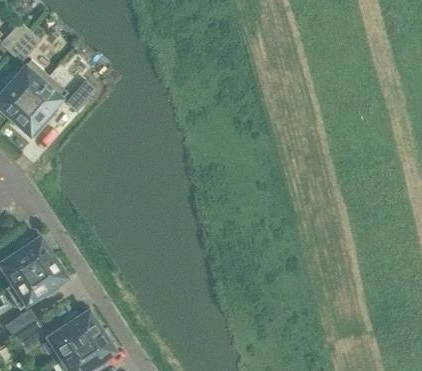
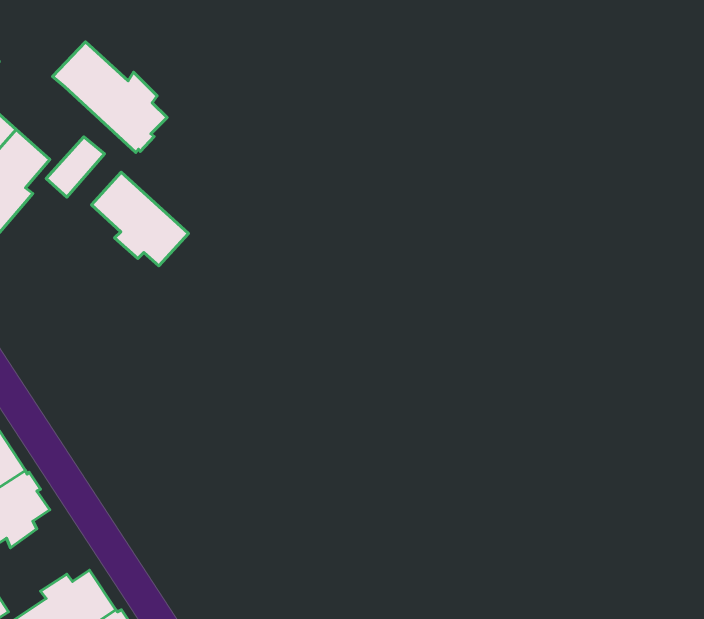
building: none -> [52,42,167,153]
building: none -> [91,172,189,266]

